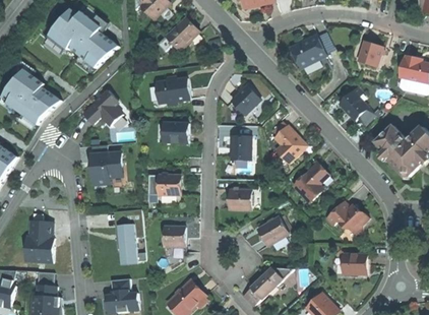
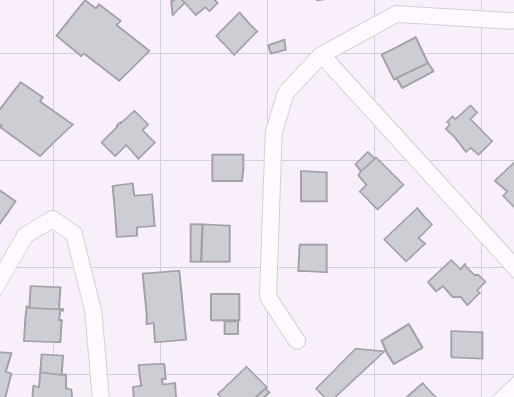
building: [358,42,382,67] -> none
building: [156,76,189,105] -> none
building: [231,85,260,115] -> none
building: [257,216,288,246] -> [381,324,422,364]

